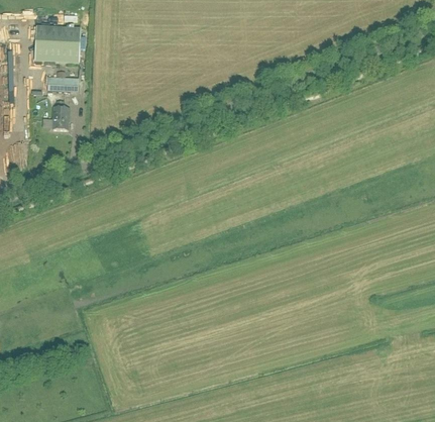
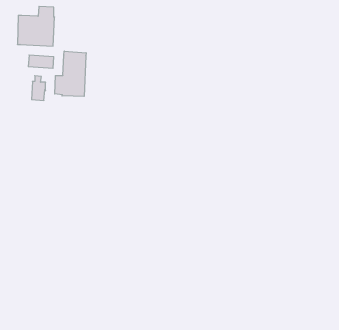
building: none -> [55,51,86,96]

